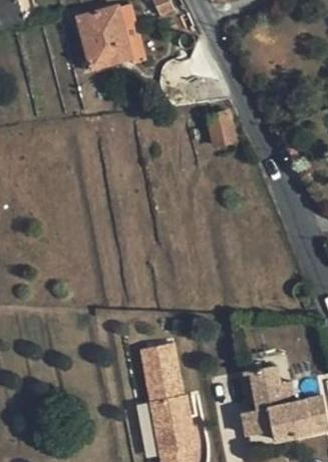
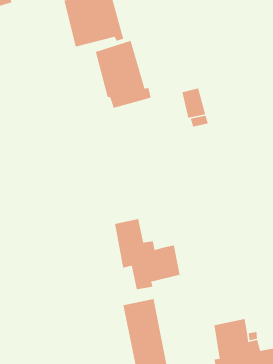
building: none -> [95,40,152,109]
building: none -> [114,218,181,290]

